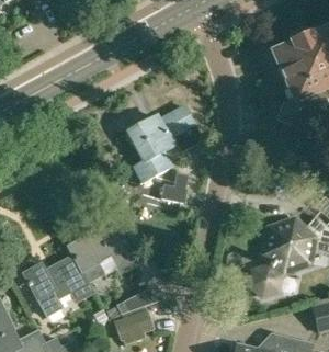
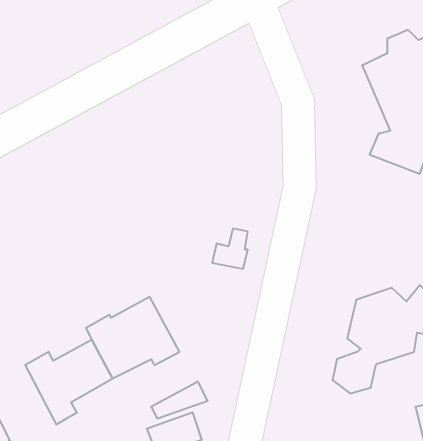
building: [126,105,203,181] -> none

